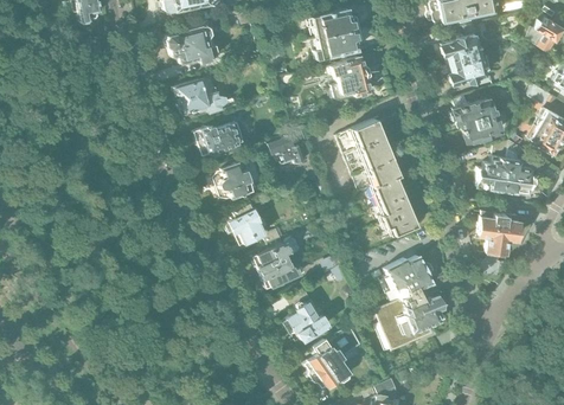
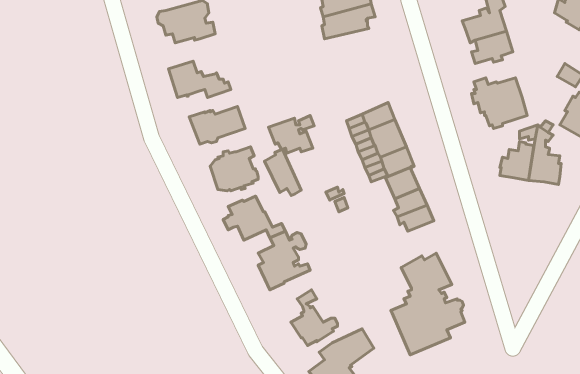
building: [333,57,374,102] -> none
building: none -> [265,149,301,196]
building: [481,199,521,257] -> none

